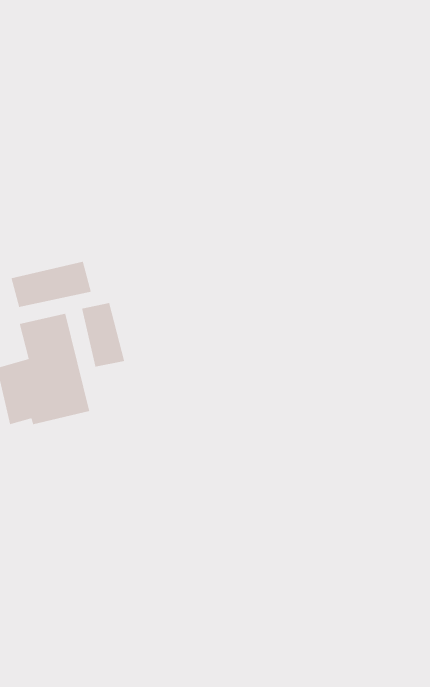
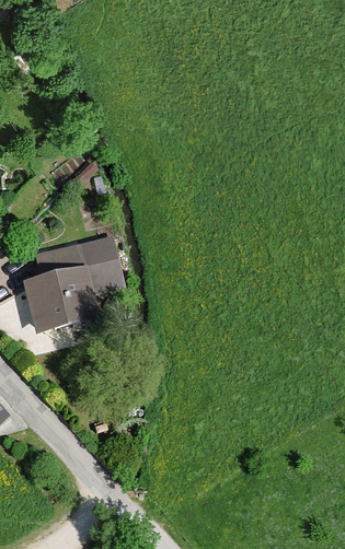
building: [11,261,92,308] -> none

